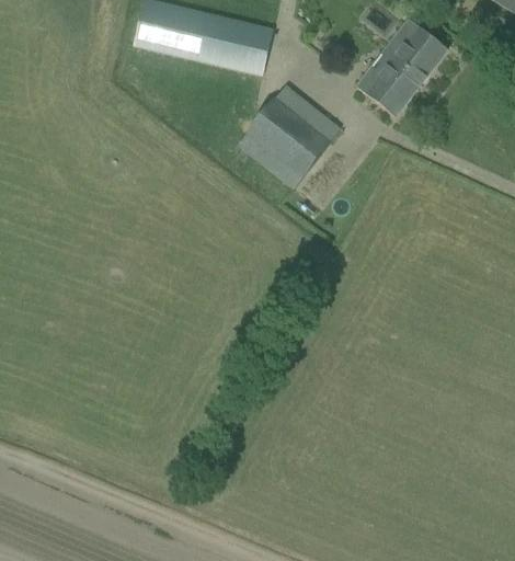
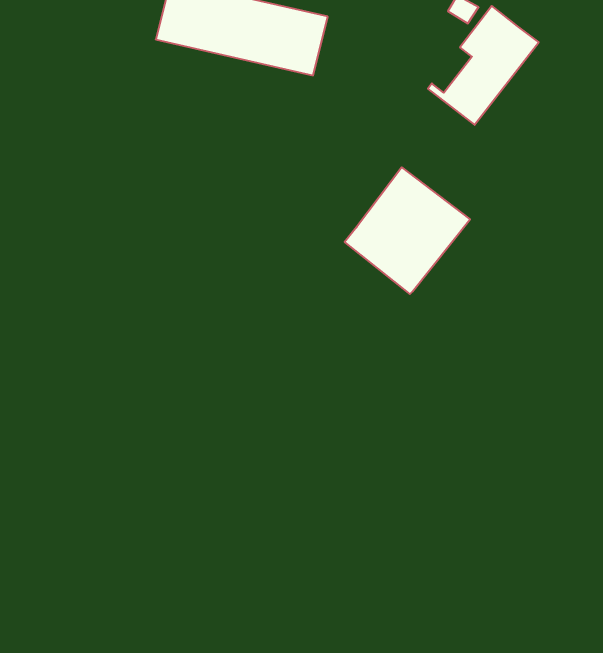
building: [238,84,341,188] -> [345,167,470,294]

